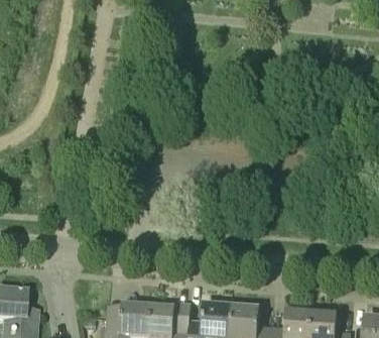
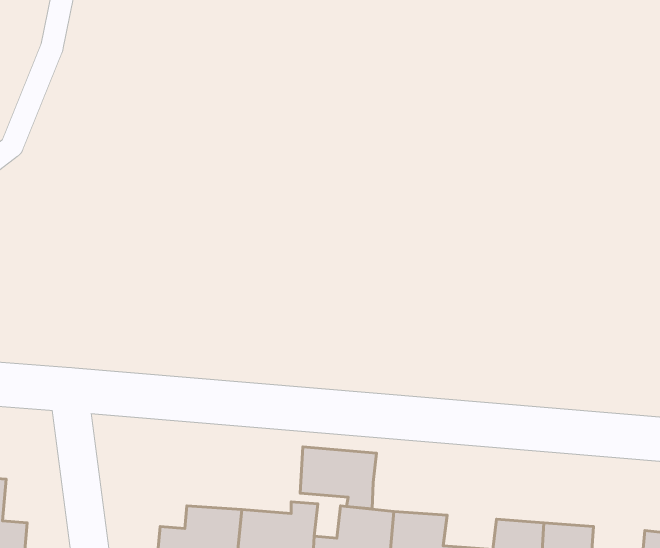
building: none -> [300,447,376,509]

